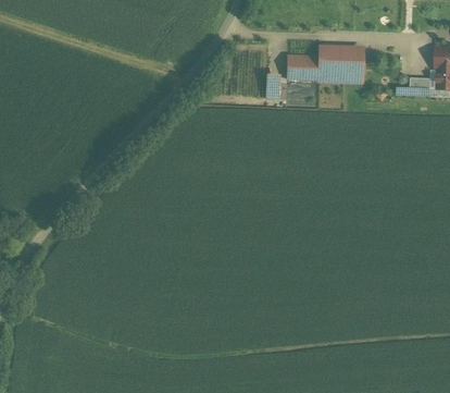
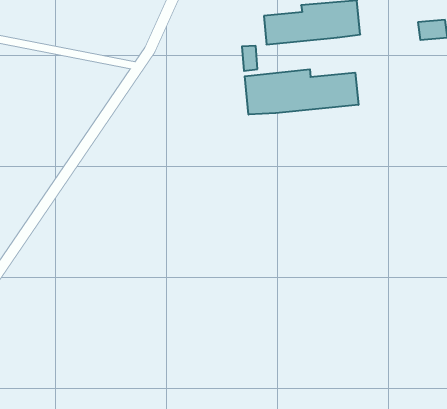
building: none -> [245,69,358,115]

